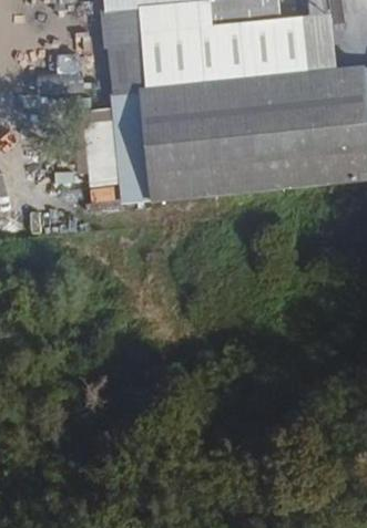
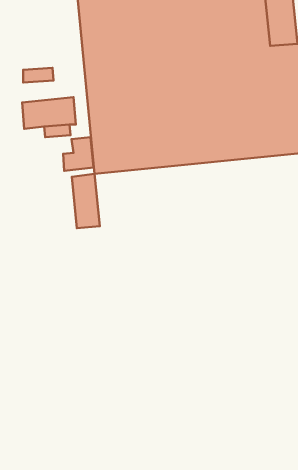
building: none -> [72,174,100,228]

